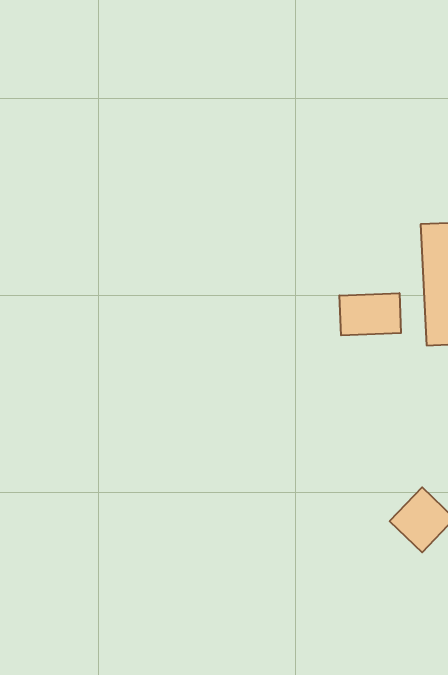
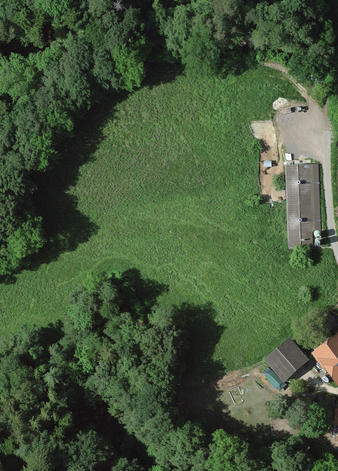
building: [339,293,401,335] -> none

